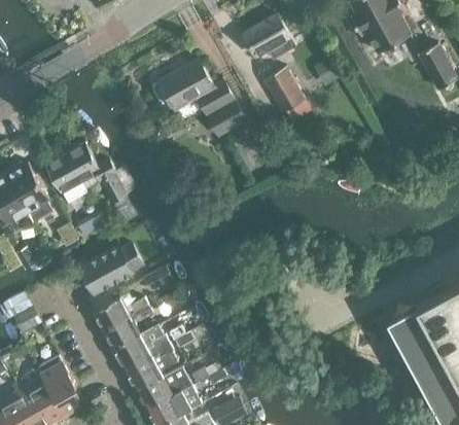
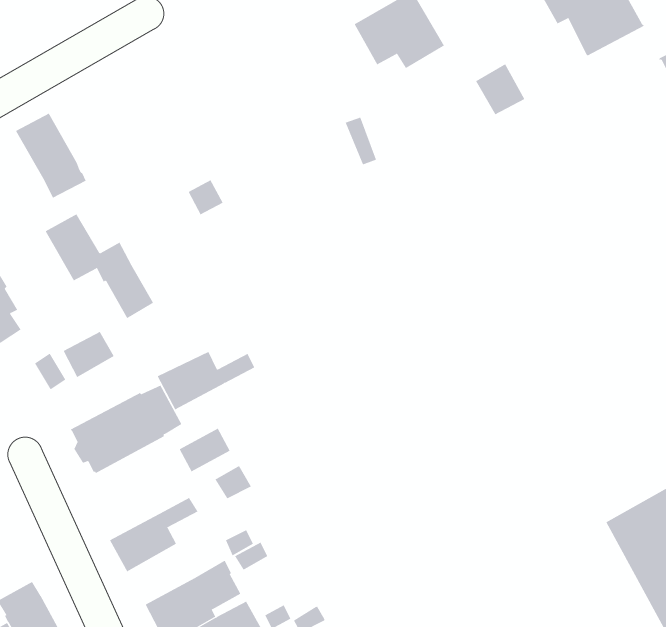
building: [155,60,247,138] -> none
building: [264,67,306,113] -> none
building: [46,153,87,203] -> [15,113,87,199]
building: [93,297,149,331] -> [157,351,255,410]
building: [113,324,170,368] -> none

